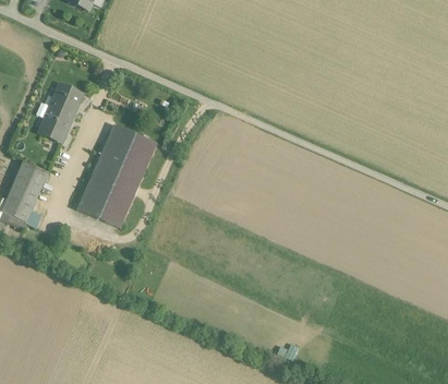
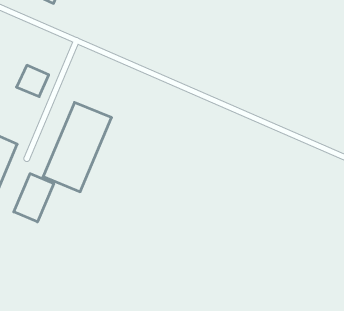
building: [36,107,73,144] -> none
building: none -> [14,174,54,222]

